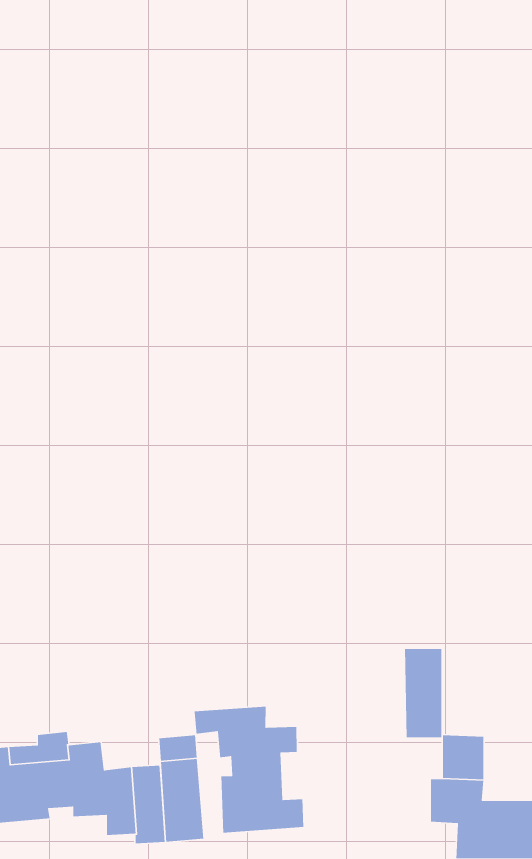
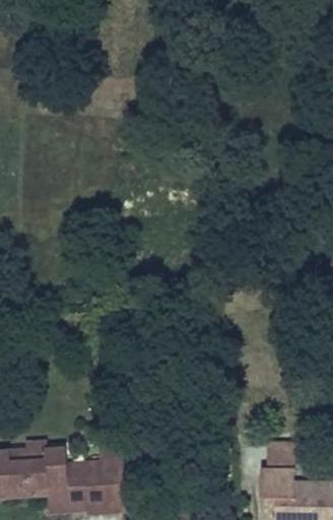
building: [404,648,442,738] -> none
building: [194,706,304,834] -> none

